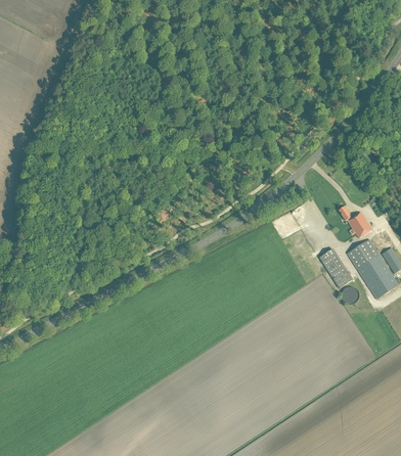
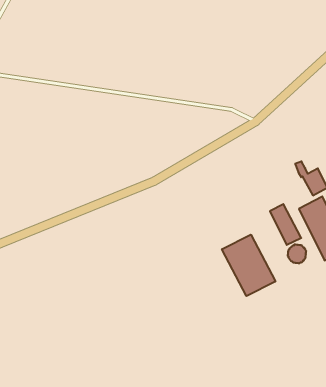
building: none -> [222,235,275,296]

